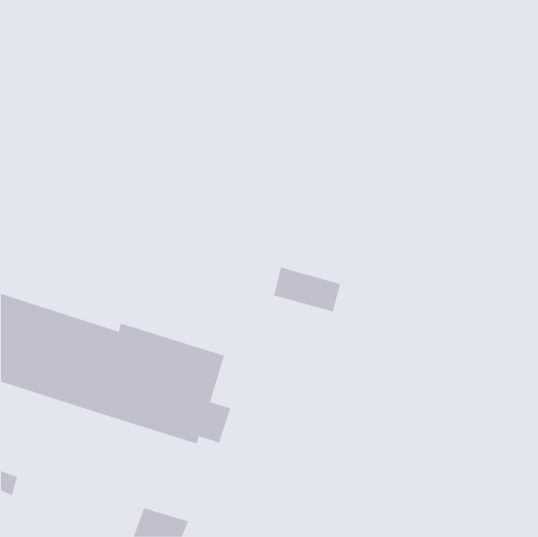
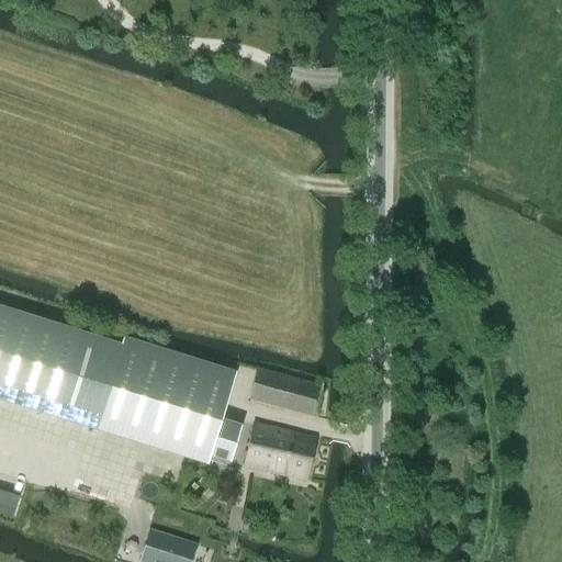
building: [273,267,341,312] -> [249,367,319,414]
building: none -> [245,423,316,479]

